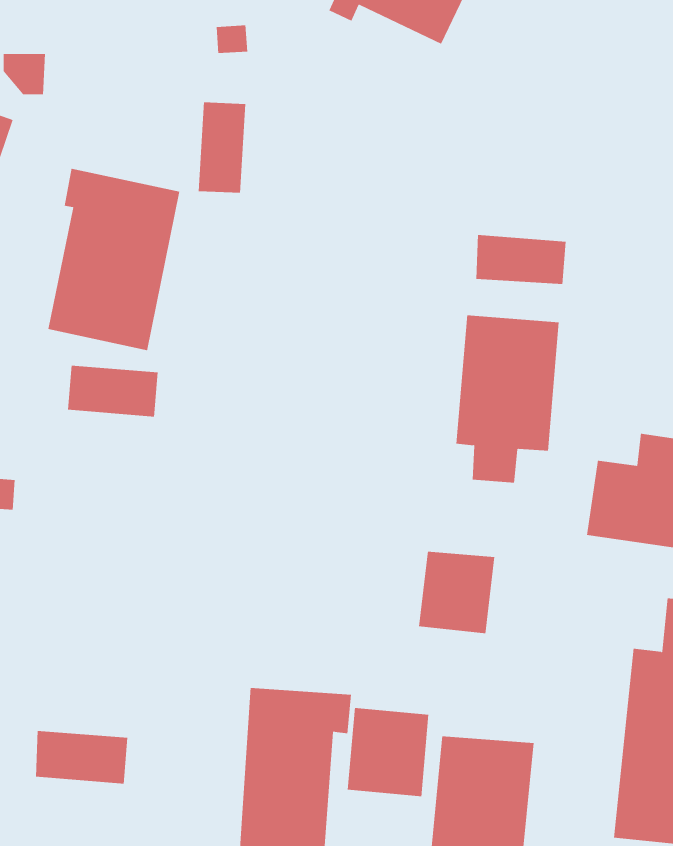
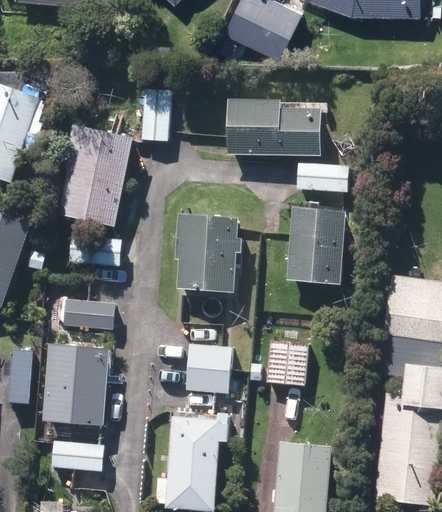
building: none -> [228,100,321,155]
building: none -> [175,213,242,292]
building: none -> [56,298,114,329]
building: none -> [43,344,110,425]
building: [347,707,429,797] -> [186,343,232,393]

